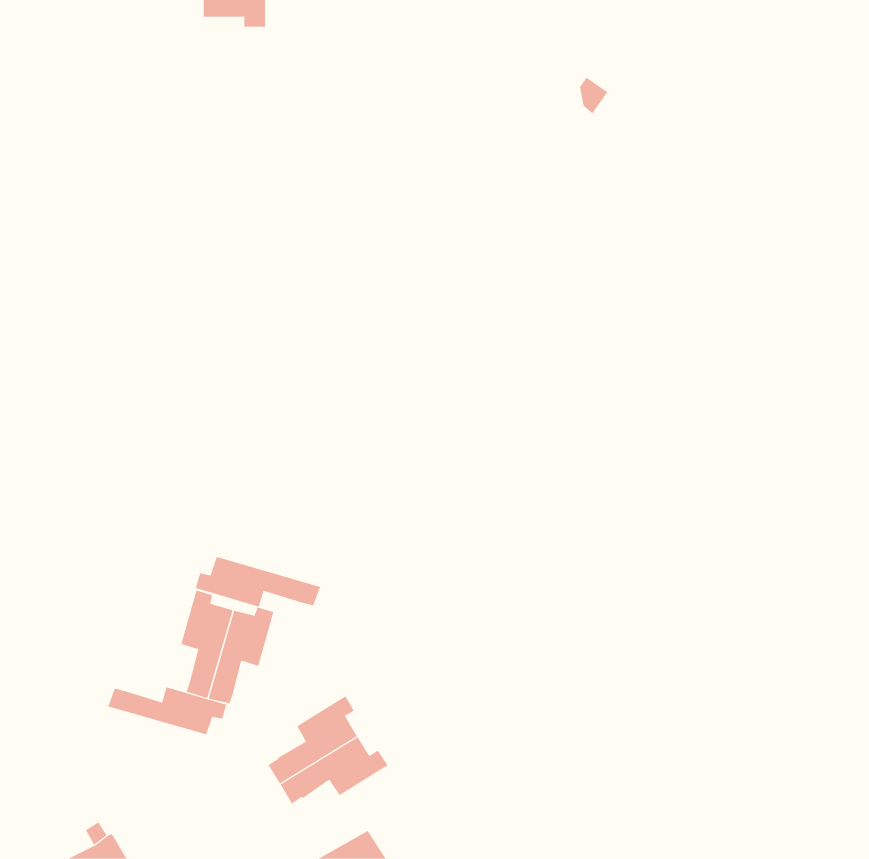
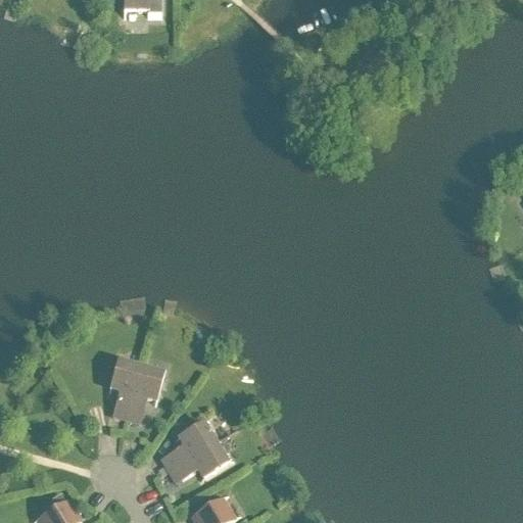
building: [195,556,321,607] -> none
building: [108,686,227,735] -> none

